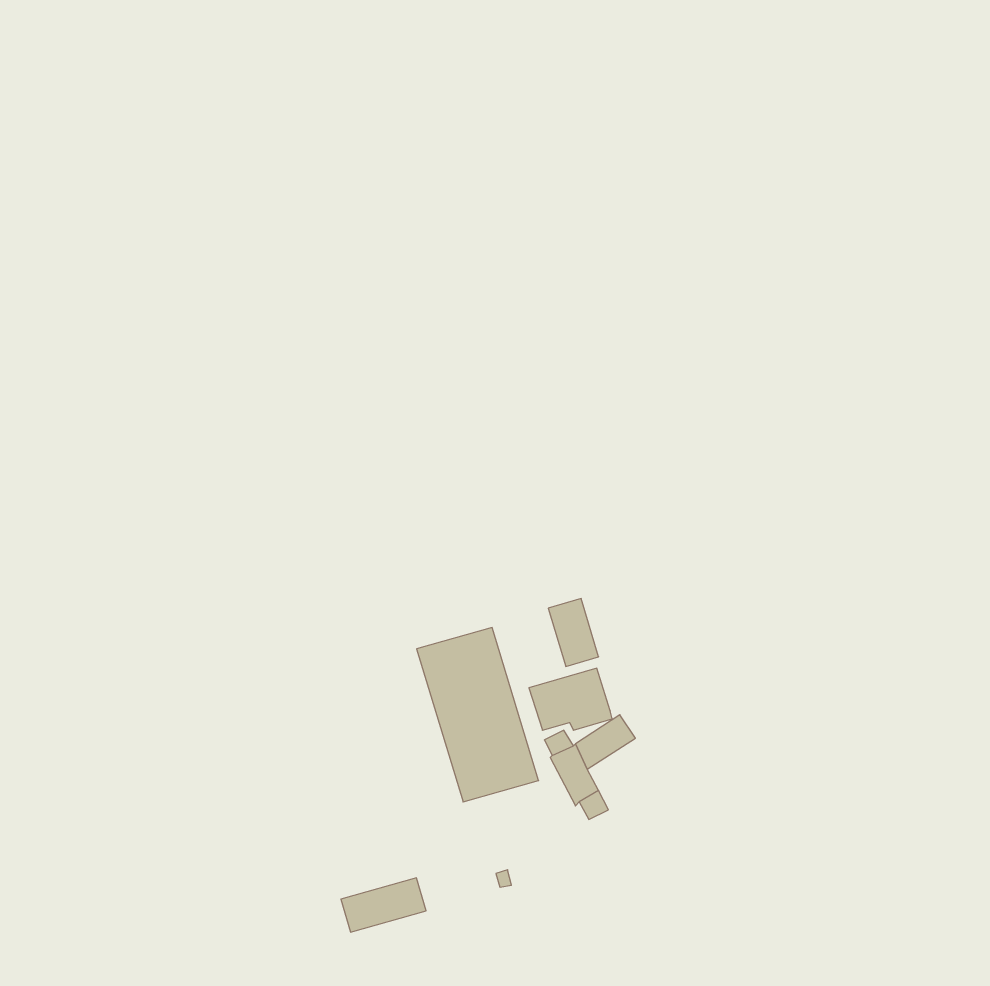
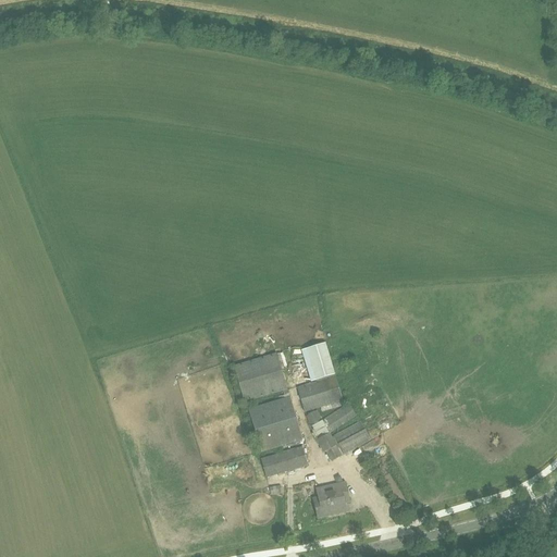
building: none -> [334,420,370,453]
building: none -> [313,481,349,517]
building: [341,878,426,932] -> [260,445,308,475]

